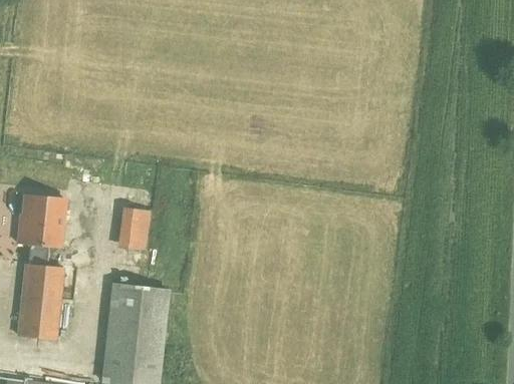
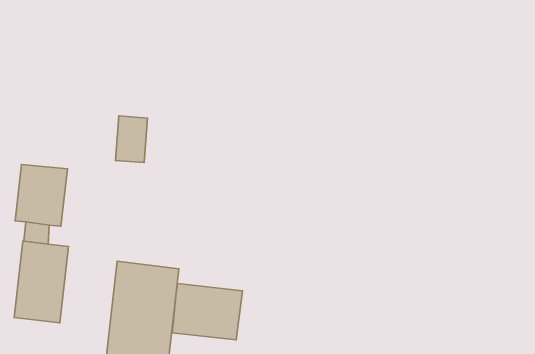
building: [122,204,153,248] -> [116,116,147,163]
building: none -> [172,283,243,340]

